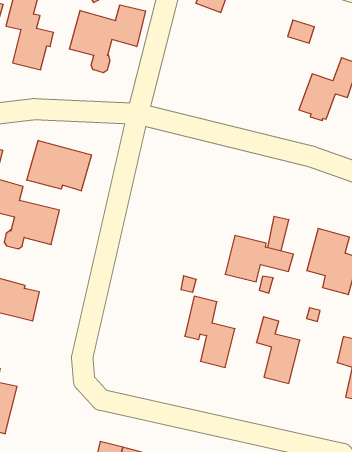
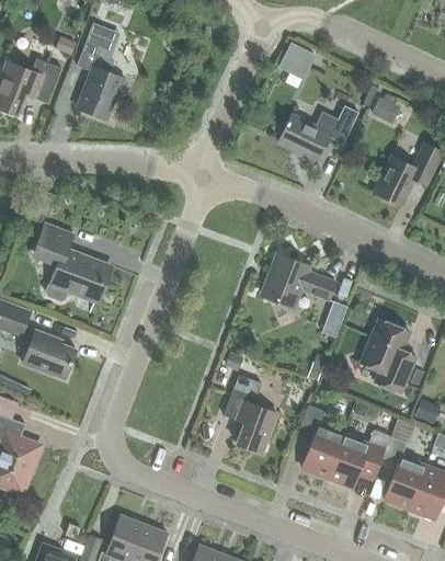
building: [70,5,146,73] -> none
building: none -> [278,106,358,165]
building: [27,140,92,191] -> none
building: [225,235,293,282] -> [262,255,336,307]
building: none -> [327,431,390,488]

